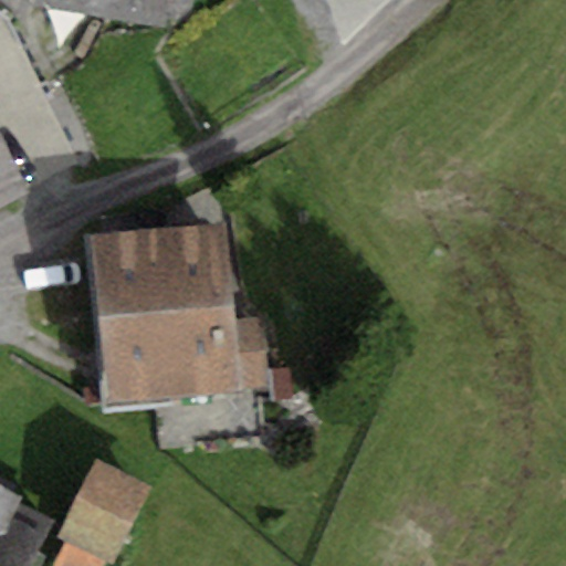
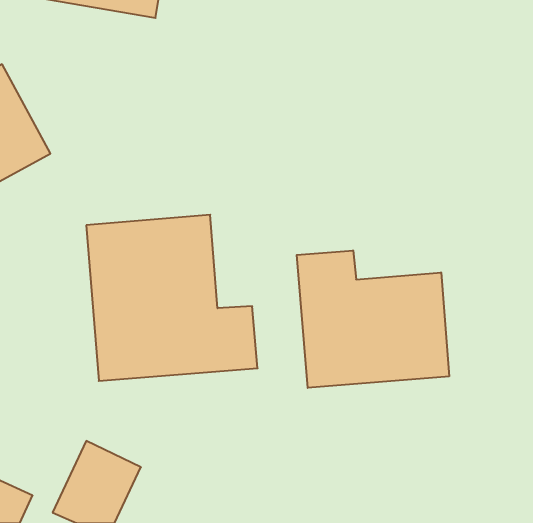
building: none -> [297,250,449,388]

